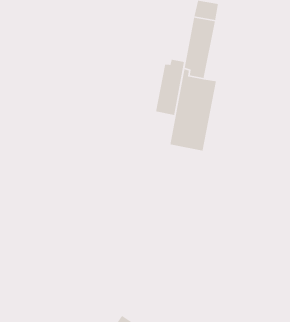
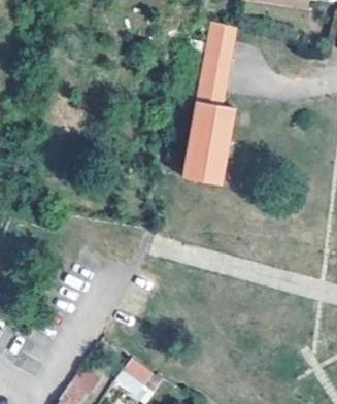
building: [155,59,185,116] -> none

